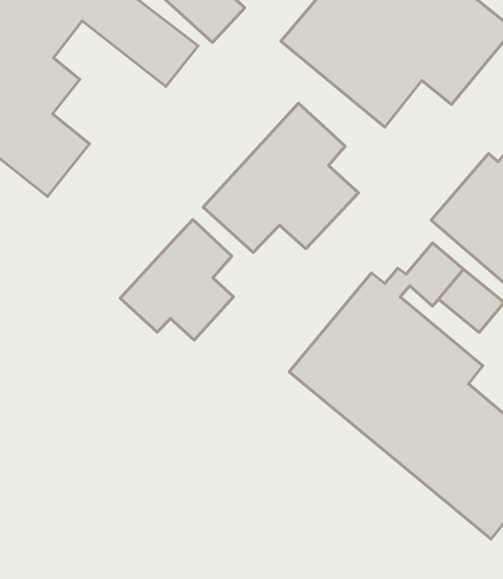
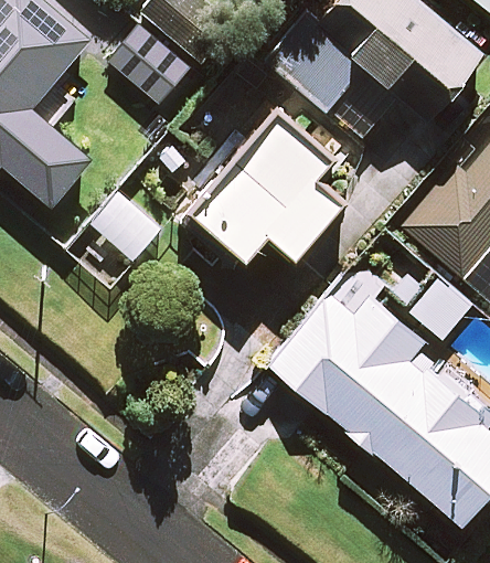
building: [120,220,233,340] -> none

